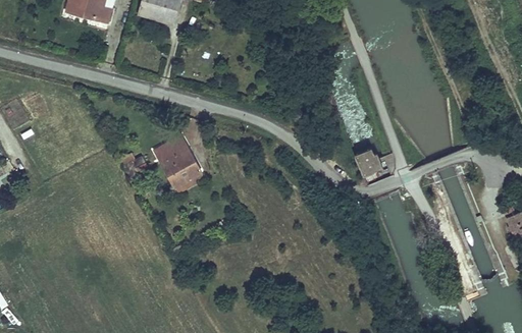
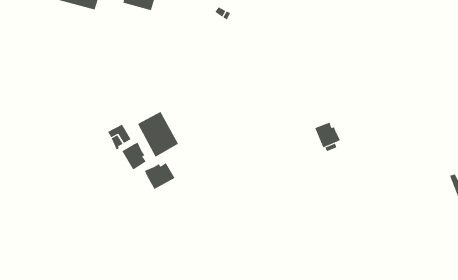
building: none -> [121,142,146,170]
building: none -> [144,162,175,190]

